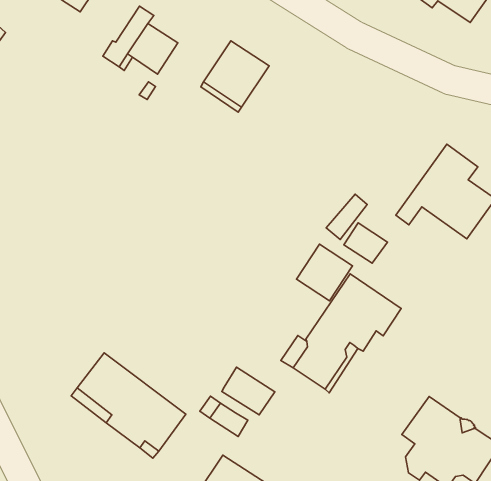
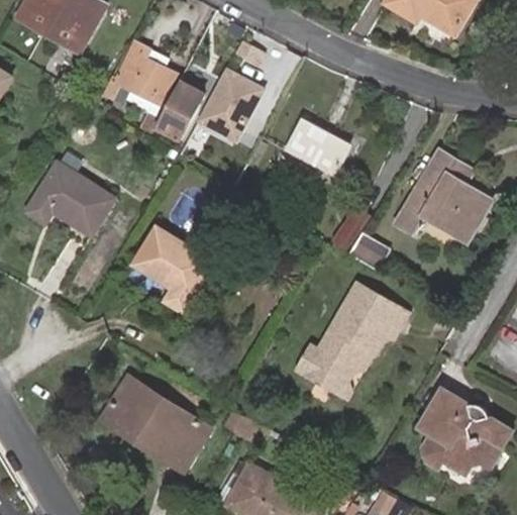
building: none -> [159,83,203,137]
building: none -> [286,120,347,173]
building: none -> [24,162,113,234]
building: none -> [132,227,212,311]
building: [297,244,352,301] -> none
building: [222,367,275,415] -> none

